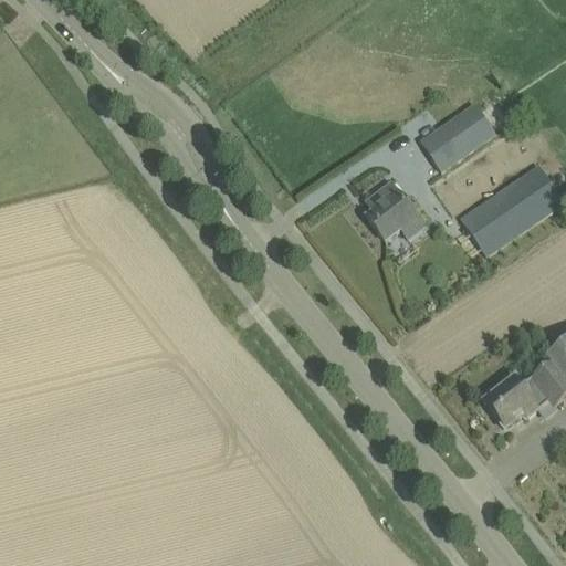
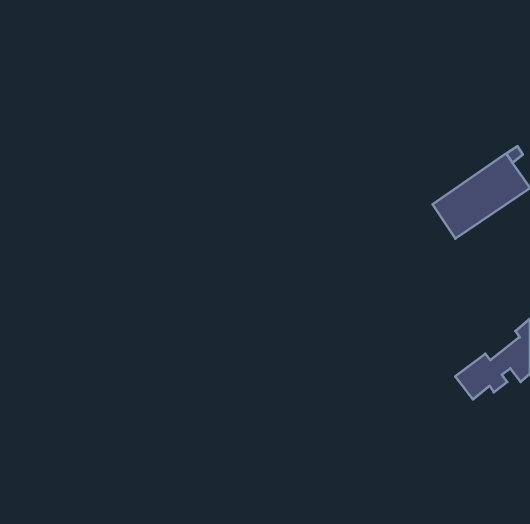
building: [421,103,497,170] -> none
building: [367,177,418,240] -> none

